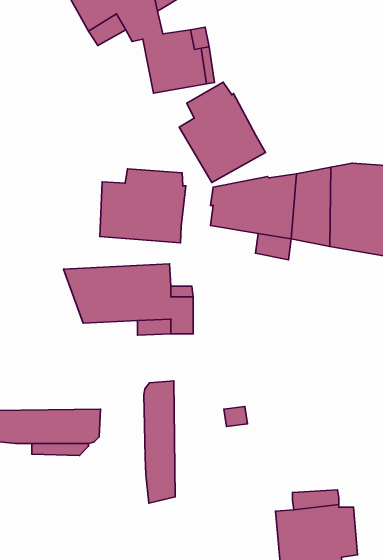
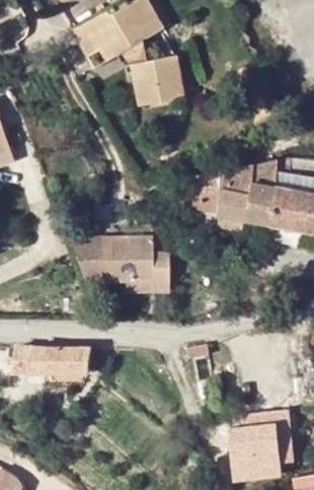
building: [179,82,266,182] -> none
building: [100,169,186,243] -> none
building: [144,381,175,503] -> none

